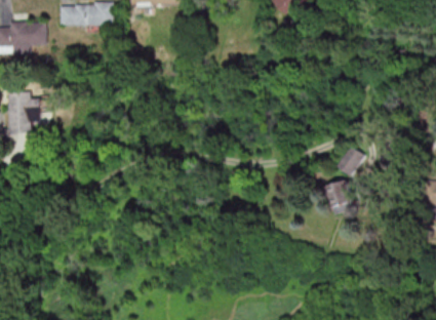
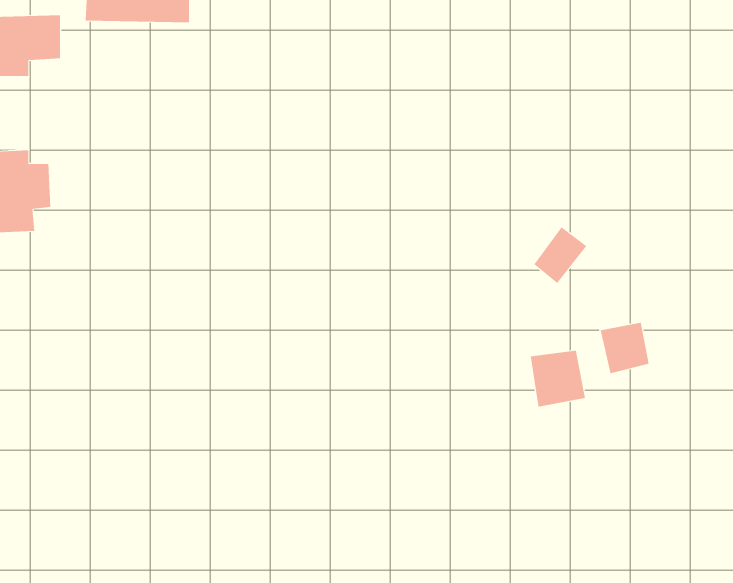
building: [335,146,363,175] -> [534,226,587,284]
building: none -> [530,350,585,407]

